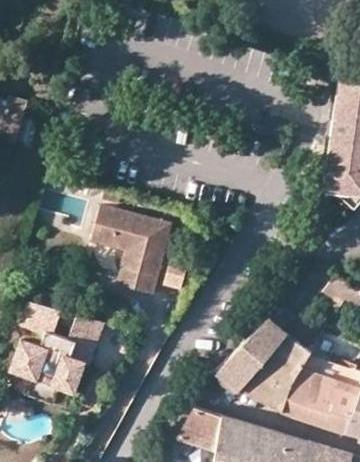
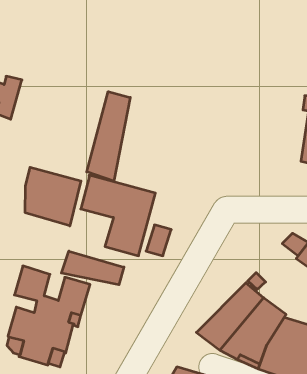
building: none -> [87,92,130,181]
building: none -> [25,167,81,226]
building: none -> [61,251,124,285]

